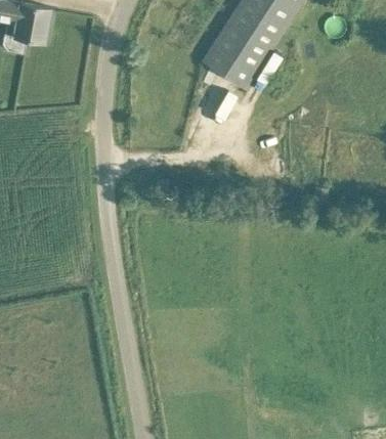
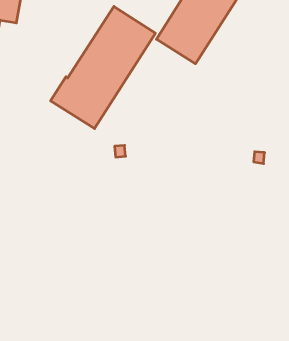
building: none -> [51,6,155,129]

